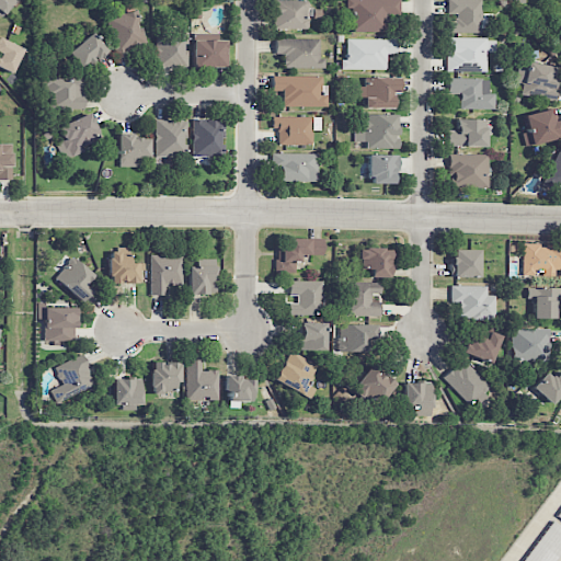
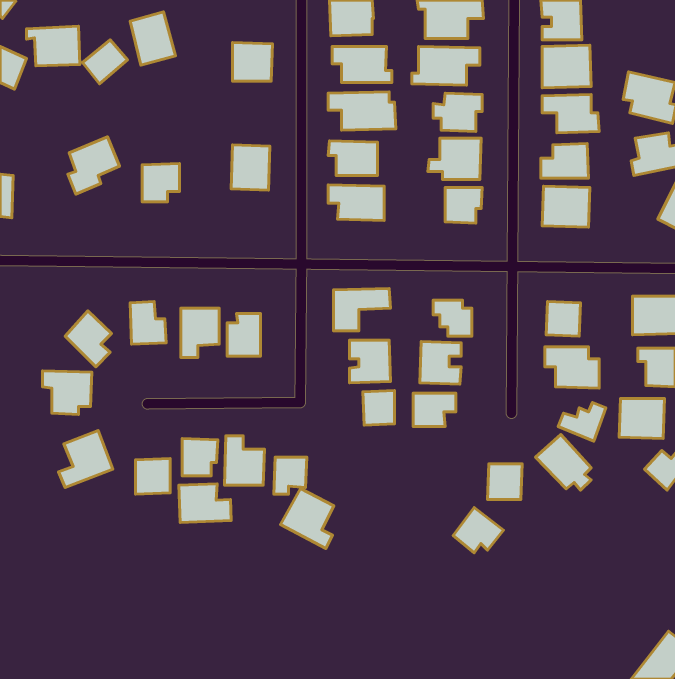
building: [157,30,188,68] -> none
building: [43,77,87,110] -> [27,26,80,66]
building: [157,119,188,157] -> none
building: [276,351,320,400] -> [281,489,334,548]
building: [356,365,398,402] -> [453,508,504,553]
building: none -> [179,484,231,522]

